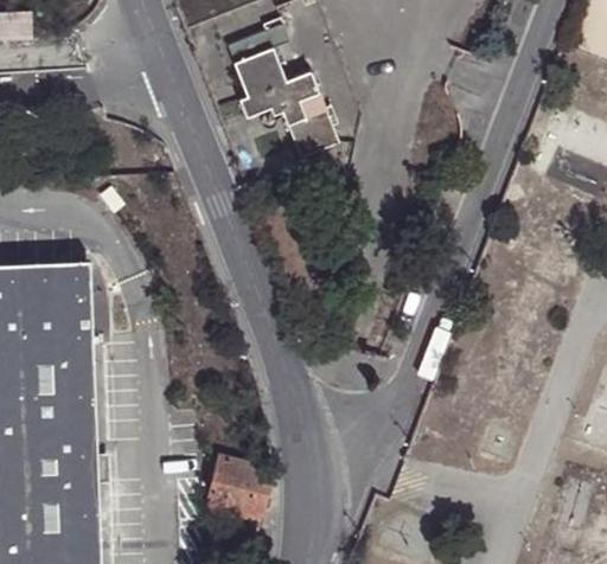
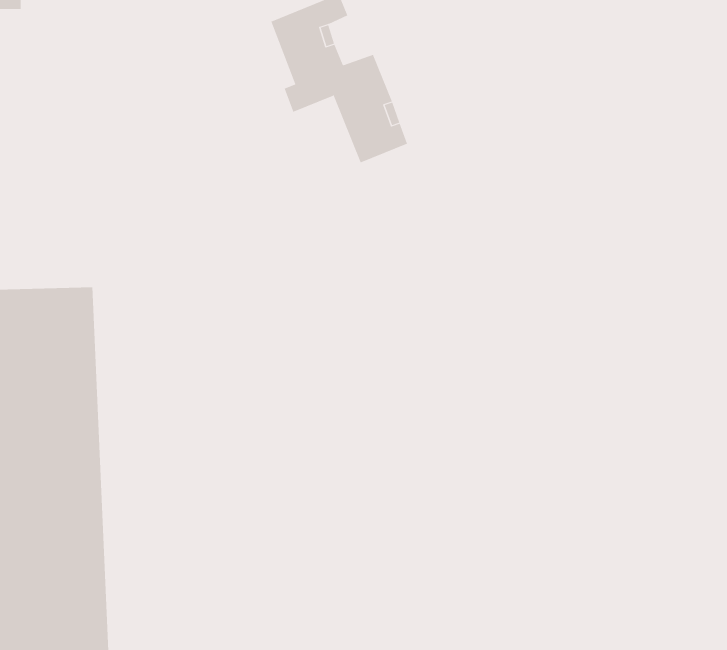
building: [212,461,274,519] -> none

